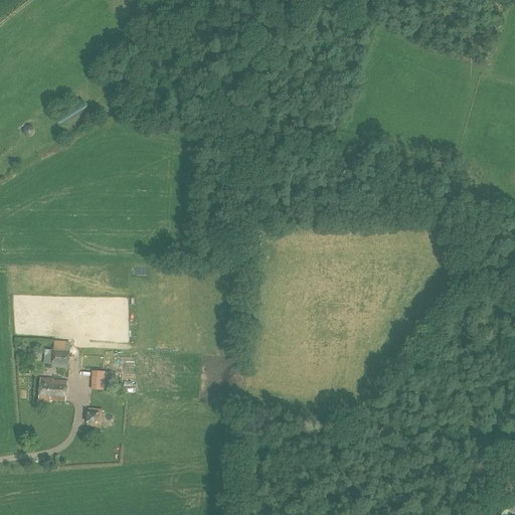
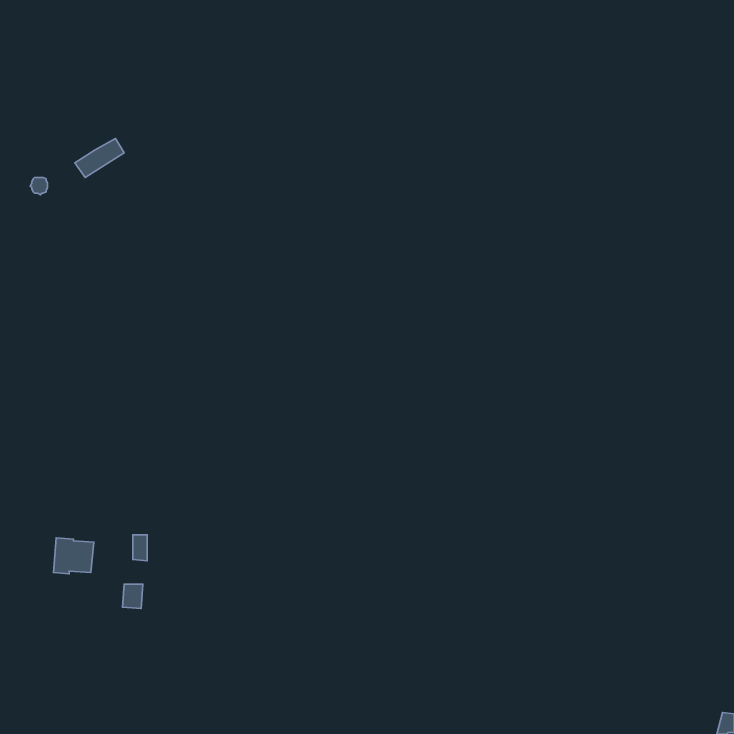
building: [49,338,68,367] -> none

